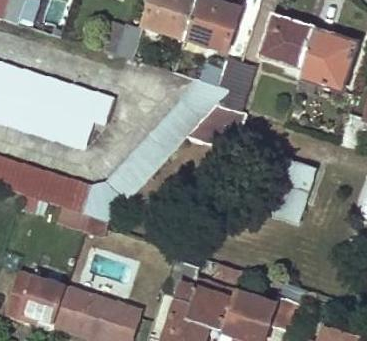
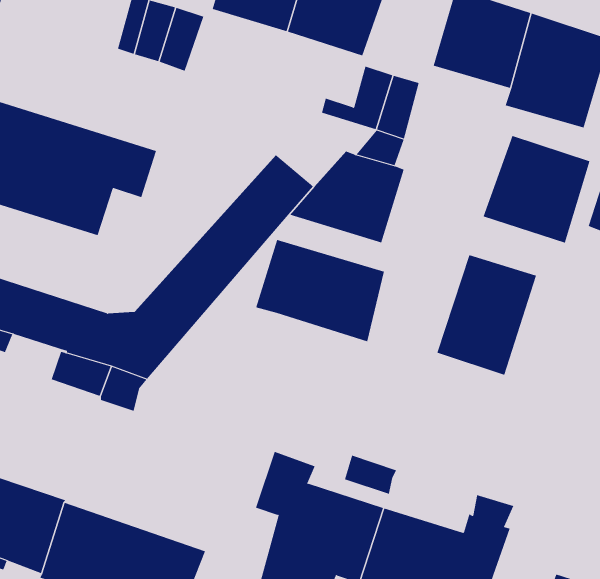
building: none -> [483,135,590,243]
building: none -> [255,239,385,342]

